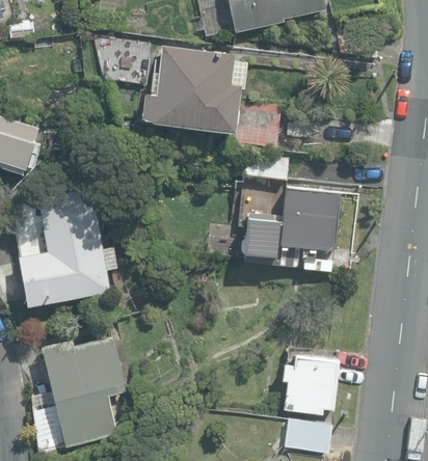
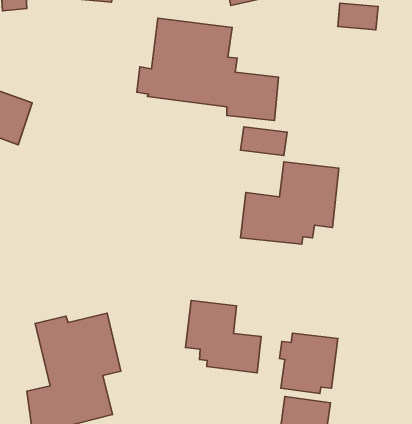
building: [19,186,110,306] -> none
building: none -> [185,300,261,373]

